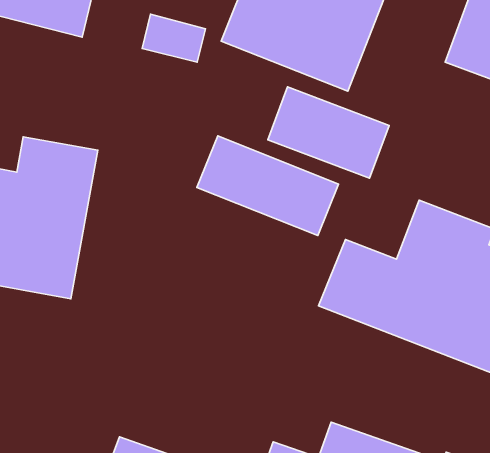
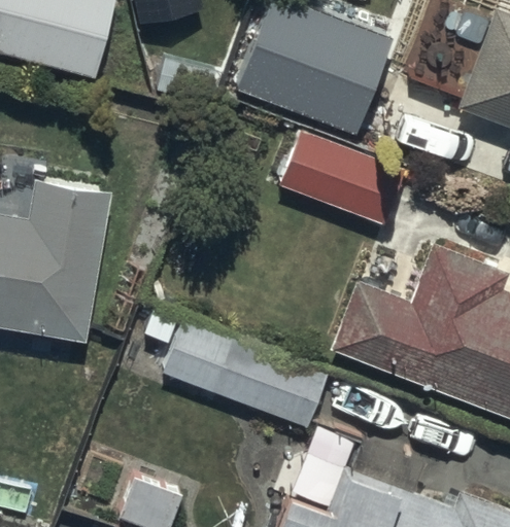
building: [197,136,339,236] -> none
building: none -> [160,319,329,433]

